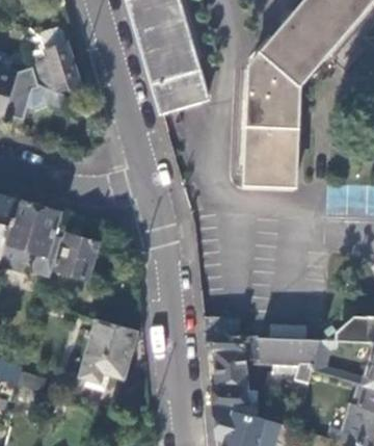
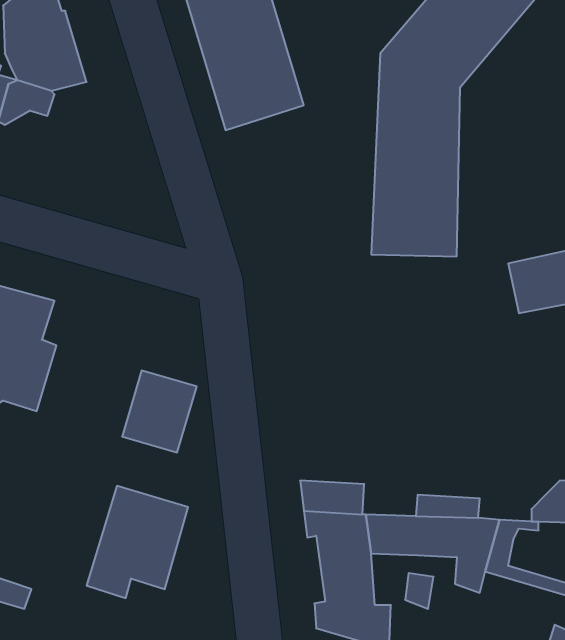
building: [56,234,100,282] -> [122,370,197,452]

